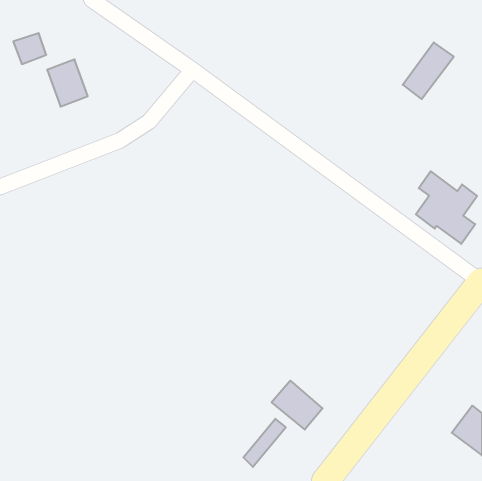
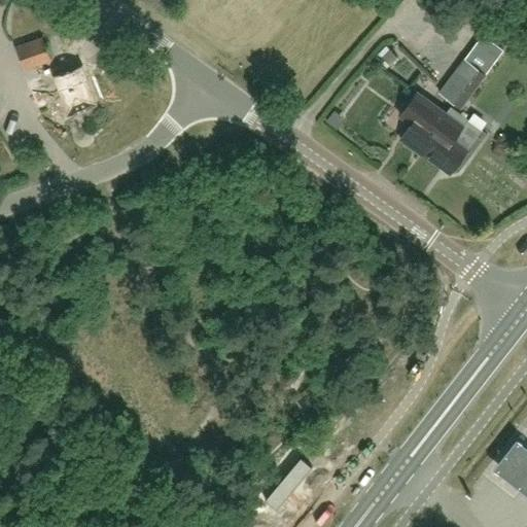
building: [416,171,477,244] -> [400,92,467,171]
building: [272,381,323,430] -> none

